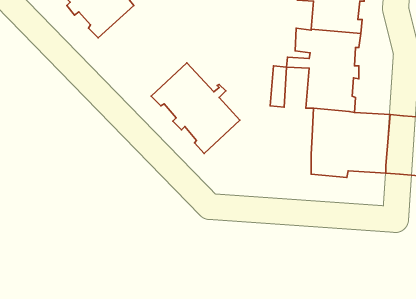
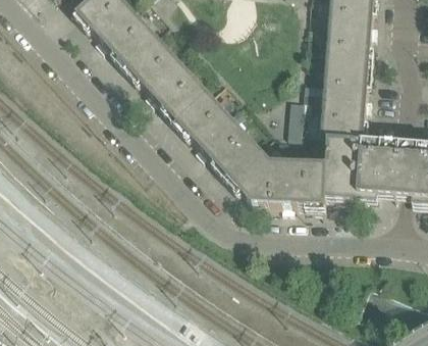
building: none -> [125,38,209,123]
building: none -> [225,146,327,208]

